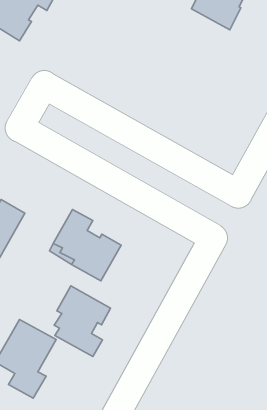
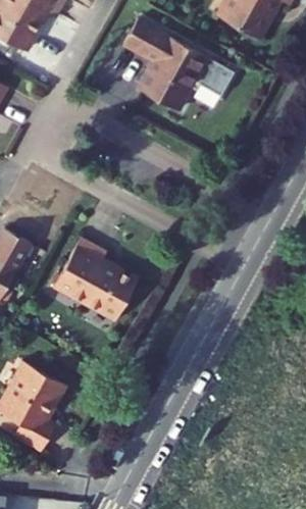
building: none -> [121,18,232,109]
building: [54,286,111,357] -> none

